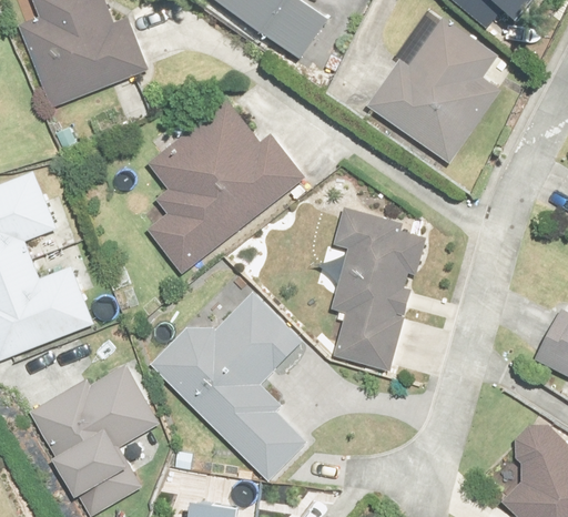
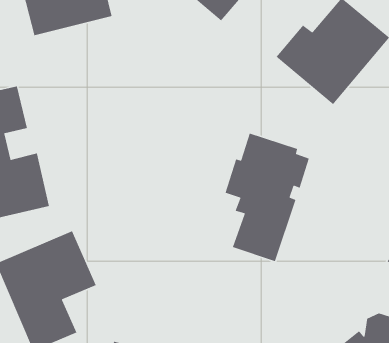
building: [148,100,304,270] -> none
building: [150,293,308,484] -> none

